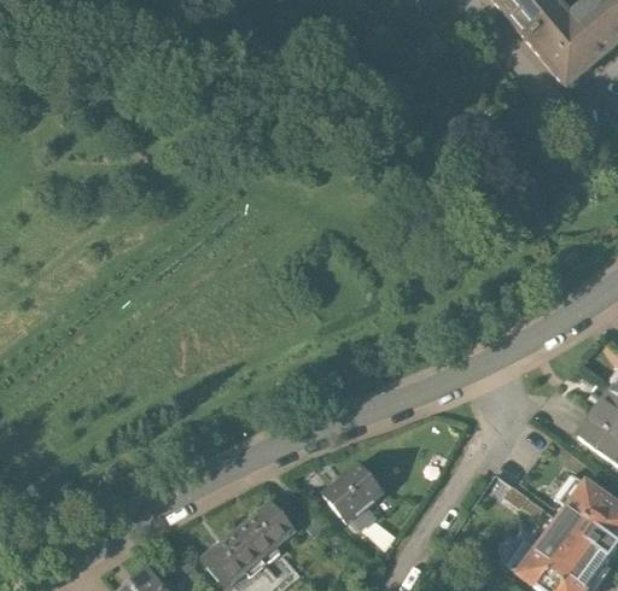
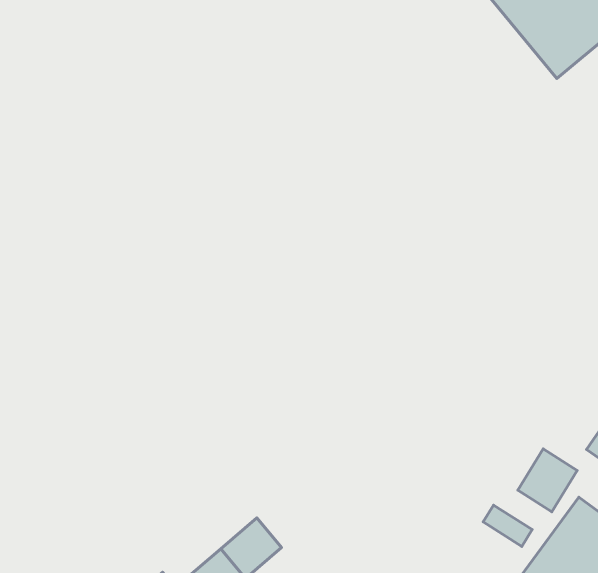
building: none -> [518,449,577,512]
building: [334,460,393,517] -> none

